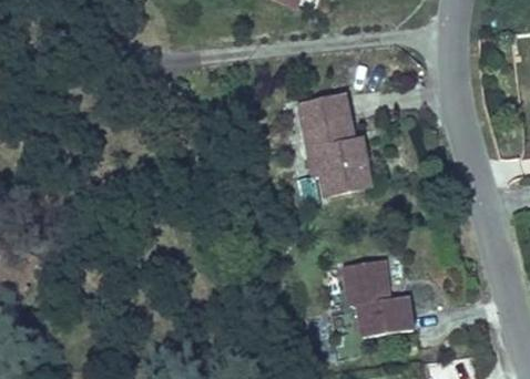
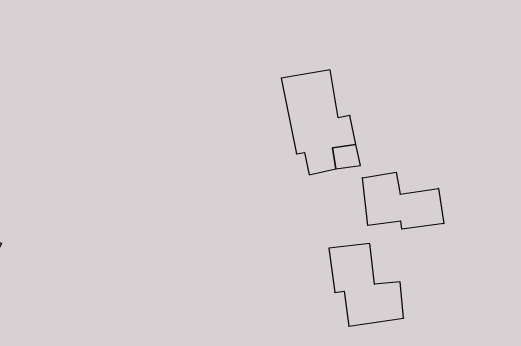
building: none -> [362,172,444,229]

